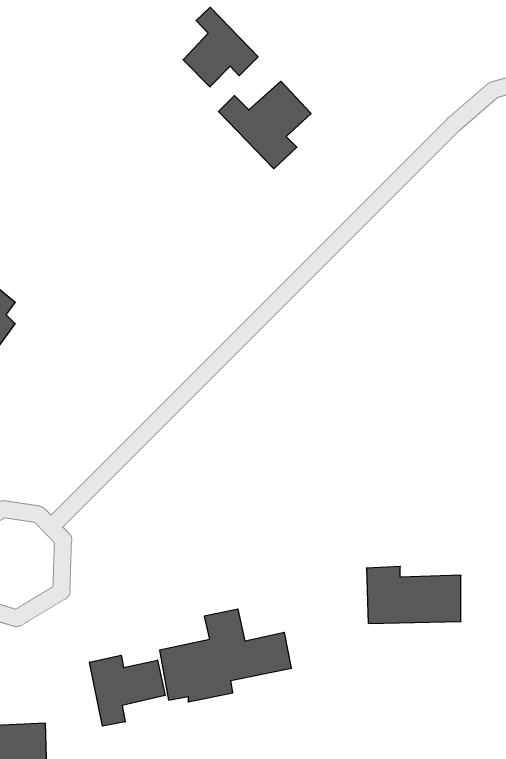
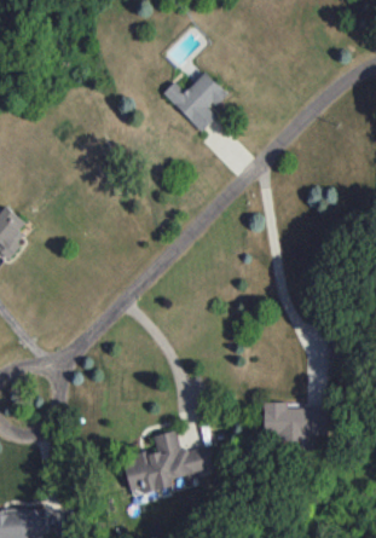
building: [183,7,258,87] -> none
building: [90,655,165,726] -> none

